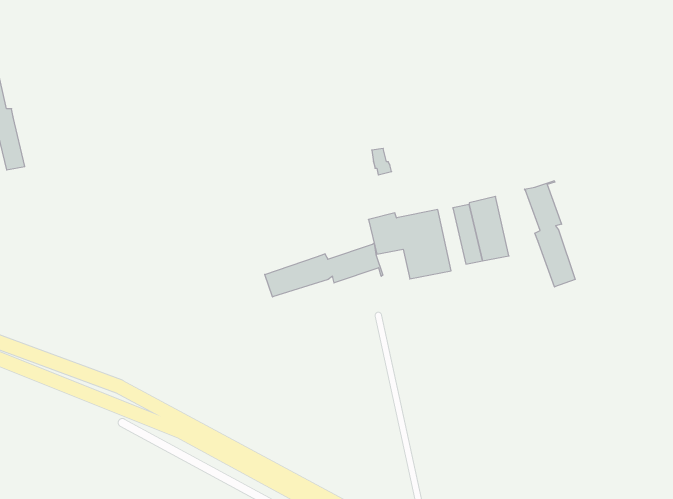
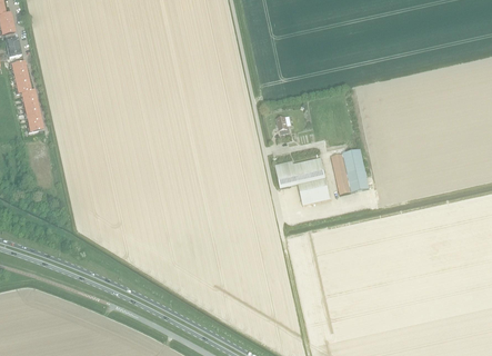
building: [525,181,575,287] -> none
building: [265,243,383,297] -> none

